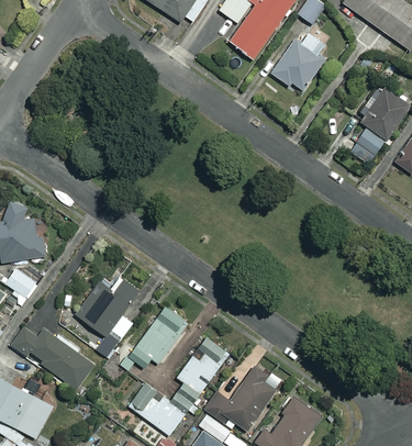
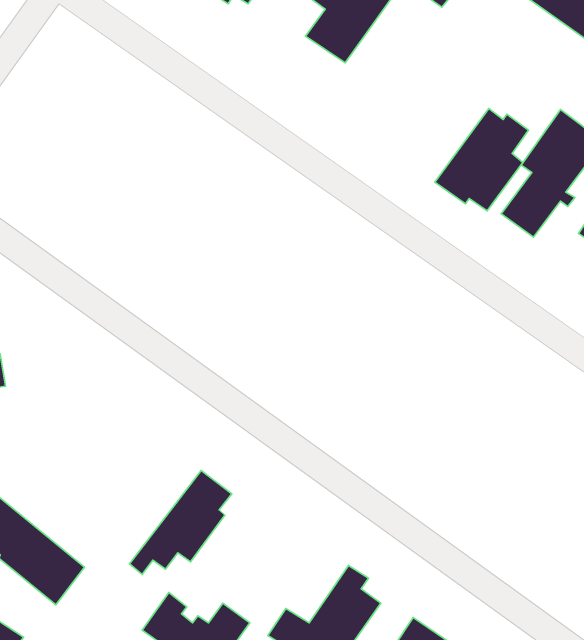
building: [270,27,327,90] -> [435,109,528,211]
building: [78,279,138,359] -> none
building: [177,336,229,401] -> none

